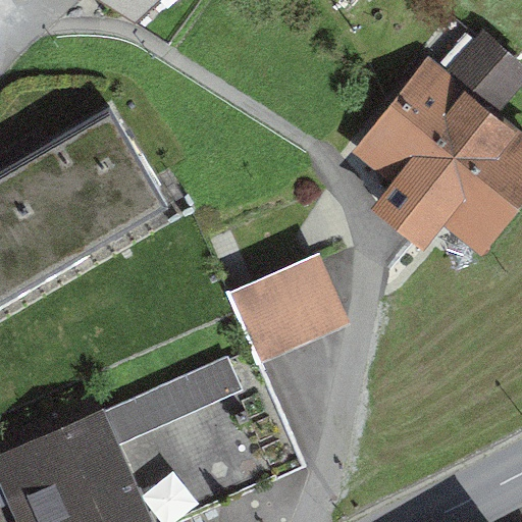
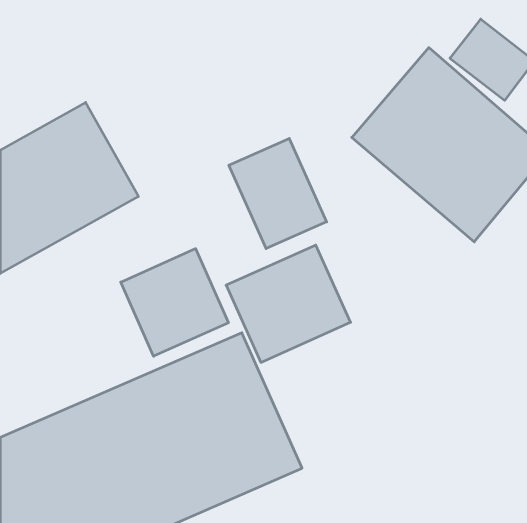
building: none -> [229,138,327,249]
building: none -> [121,249,228,356]

